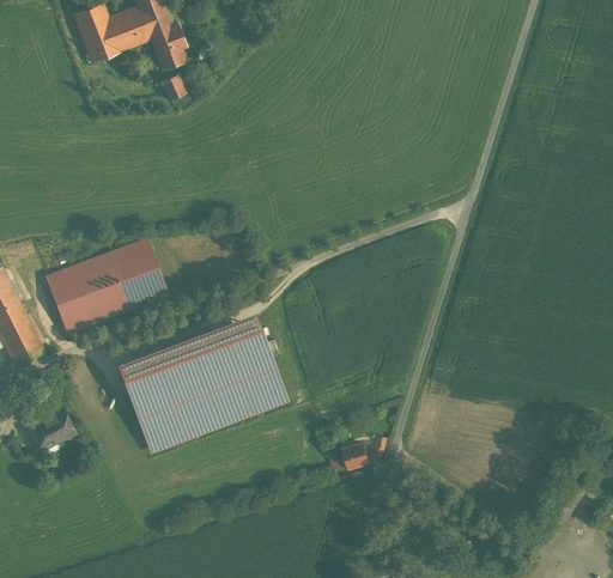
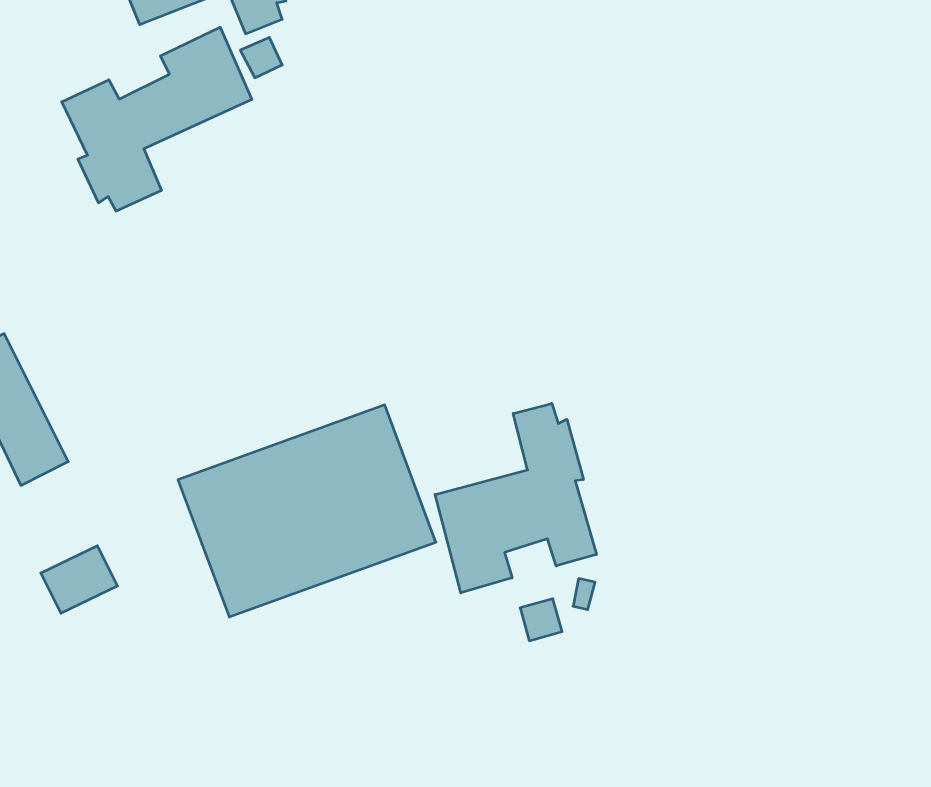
building: none -> [62,27,252,211]
building: [45,241,166,334] -> none
building: none -> [435,403,596,593]

